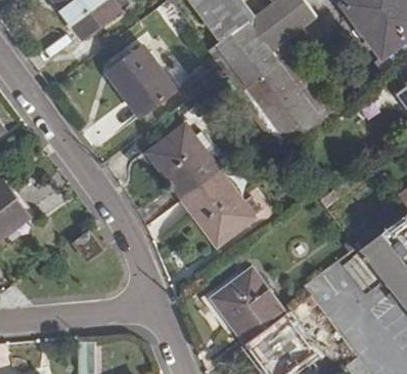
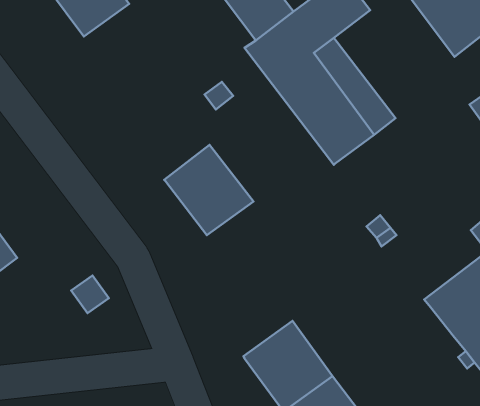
building: [108,48,175,117] -> none
building: [182,172,259,245] -> none

